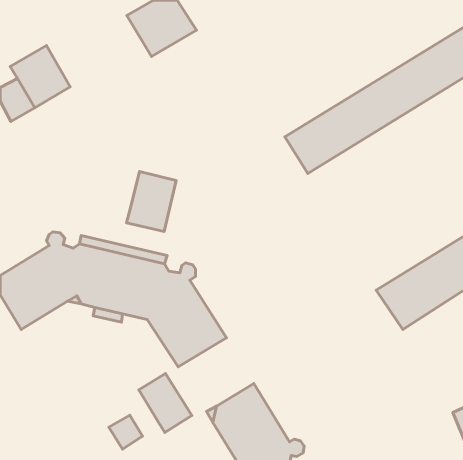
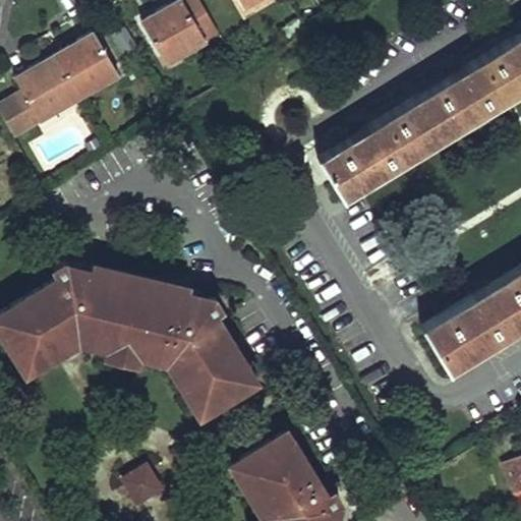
building: none -> [56,36,122,104]
building: [127,171,176,231] -> none
building: [139,374,192,433] -> none

